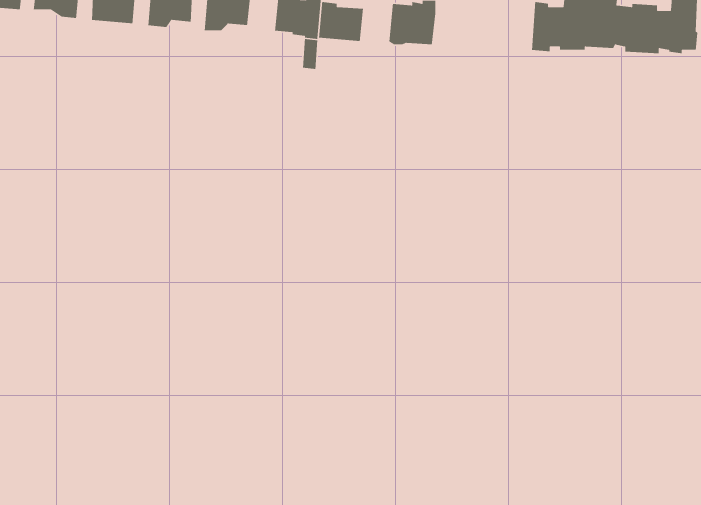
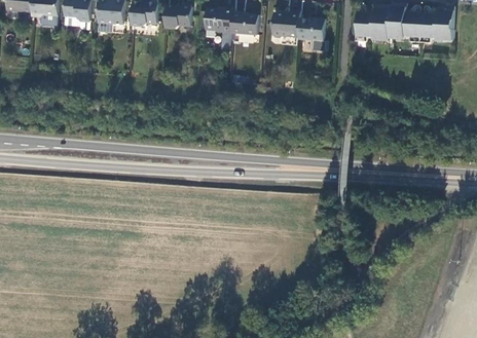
building: none -> [297,16,324,40]

